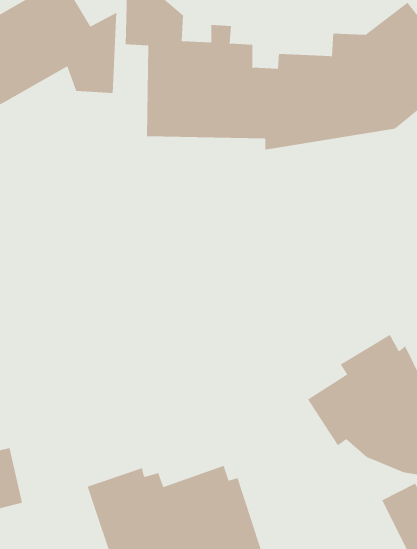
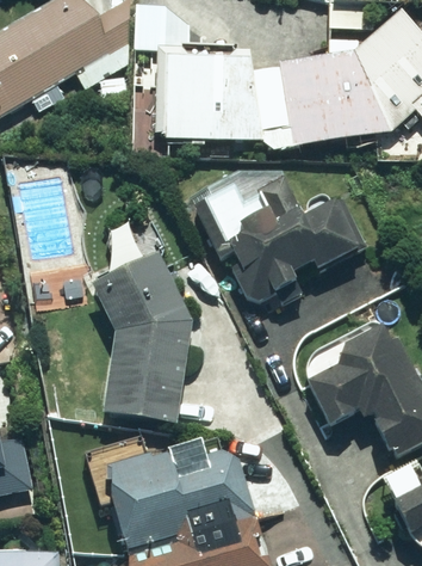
building: none -> [192,153,364,303]
building: none -> [94,256,191,426]

